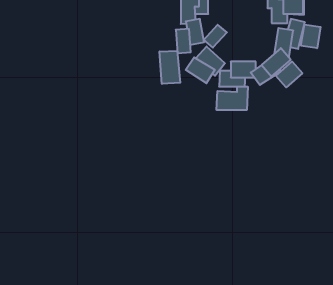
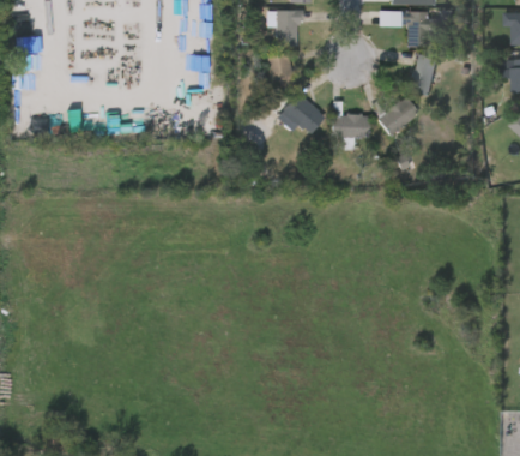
building: [301,24,321,48] -> none
building: [204,25,227,48] -> none
building: [160,51,180,84] -> none
building: [276,62,302,87] -> none
building: [217,87,248,110] -> none

